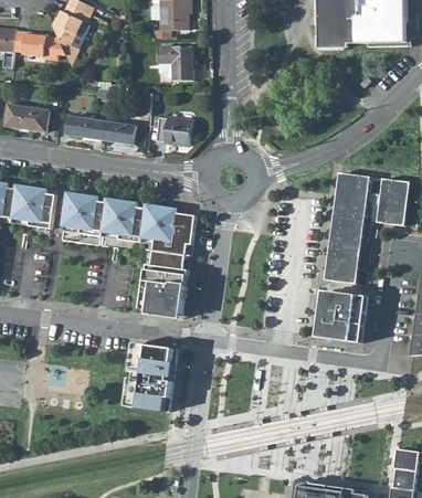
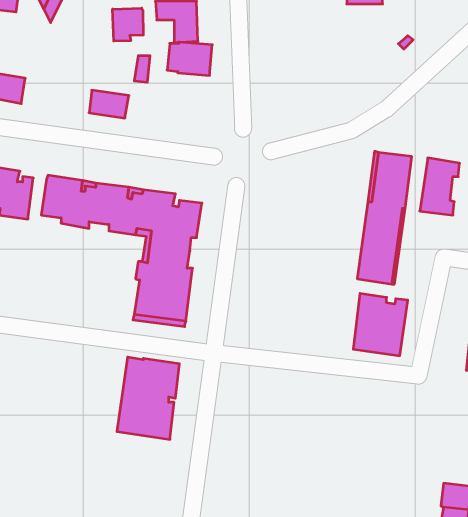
building: none -> [113,8,143,41]
building: [66,116,104,140] -> none
building: [156,116,193,144] -> [167,42,212,75]

